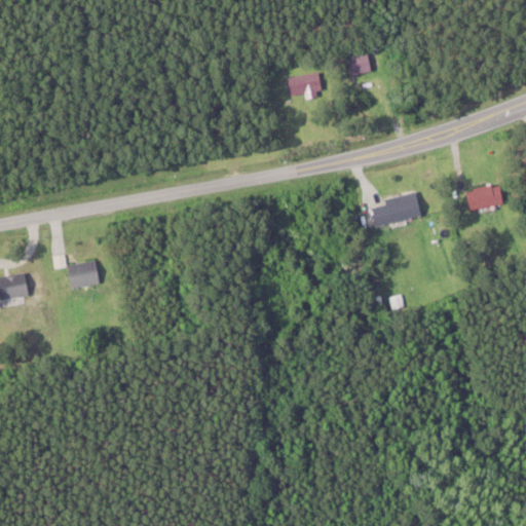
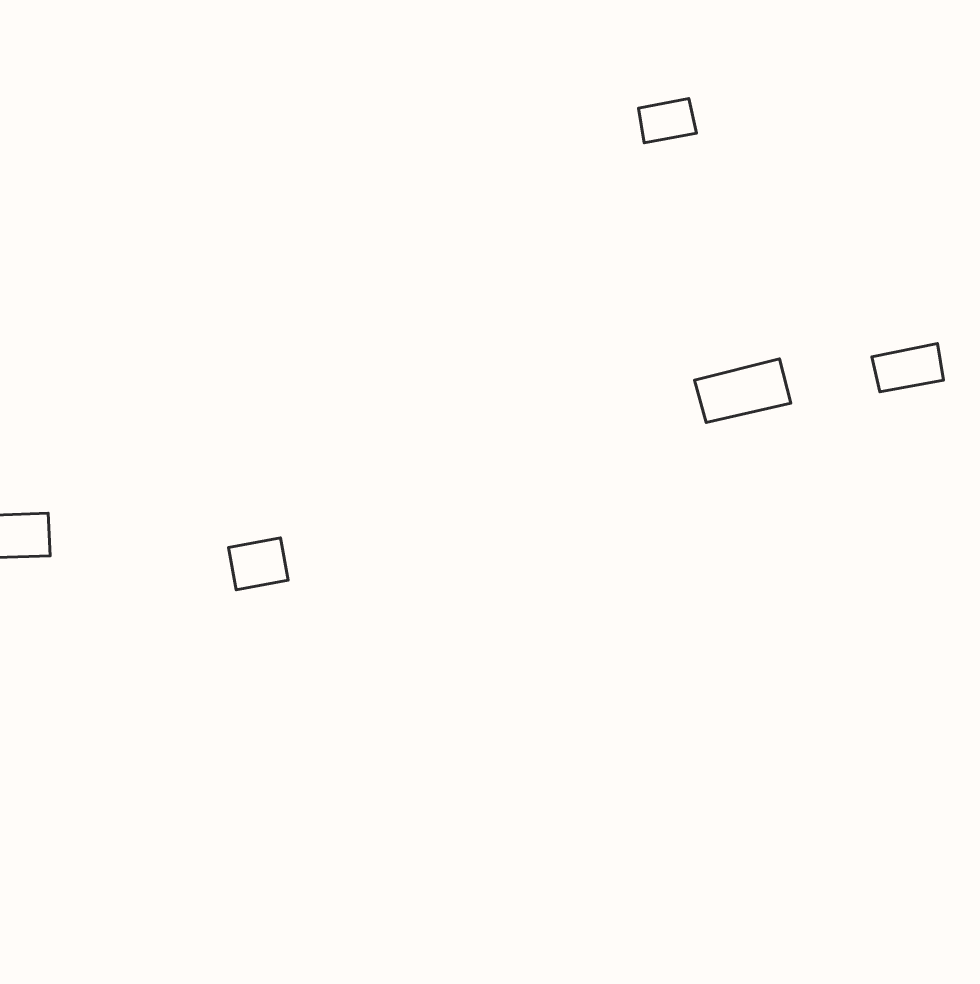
building: [287,73,322,98] -> none
building: [67,260,99,288] -> [229,538,288,590]

